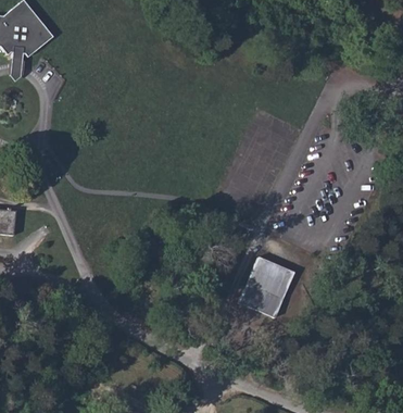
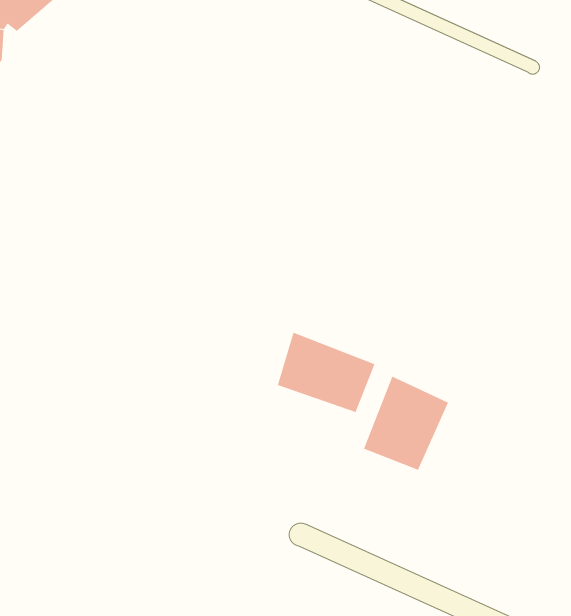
building: none -> [277,332,375,413]

